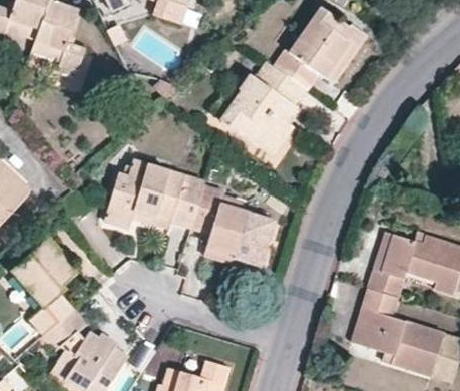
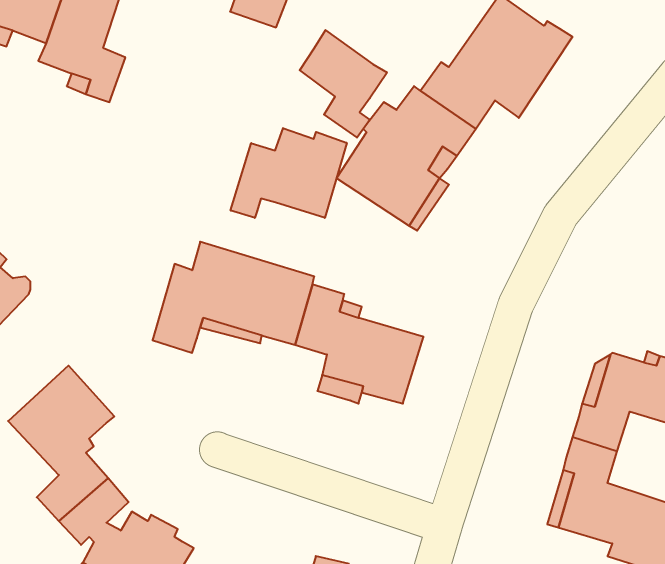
building: none -> [300,30,387,138]
building: none -> [231,128,347,218]

